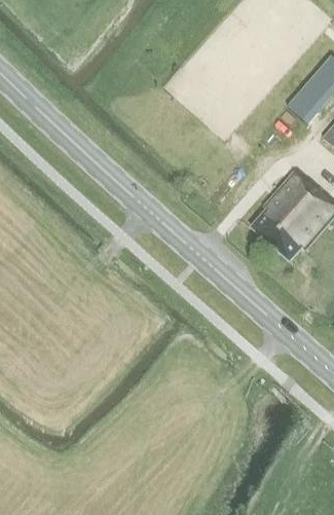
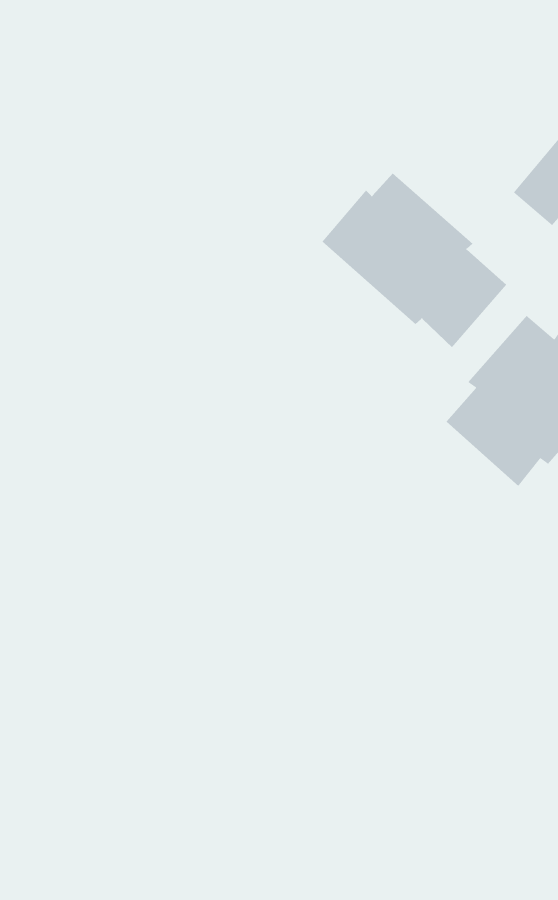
building: none -> [321,173,507,348]

